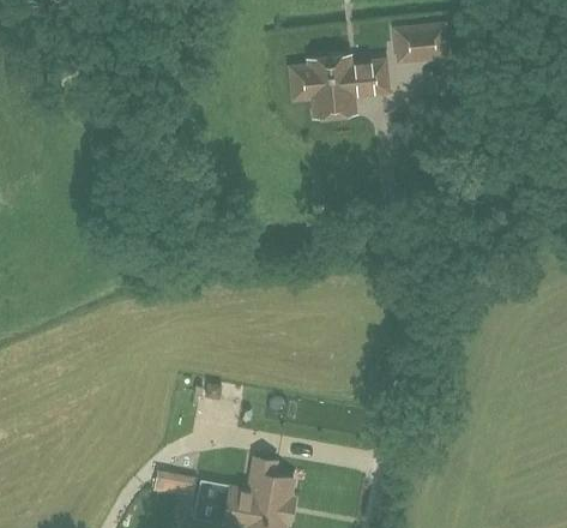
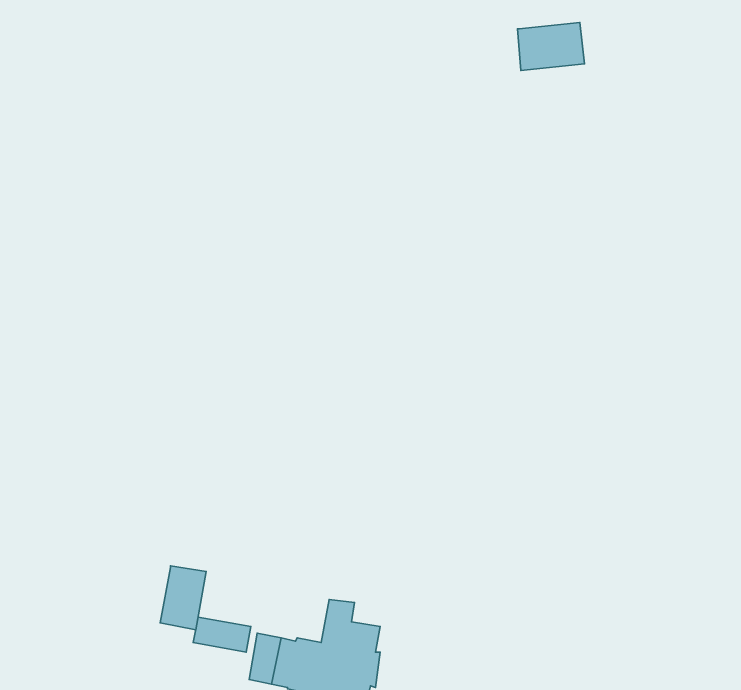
building: [290,55,387,116] -> none
building: none -> [160,566,206,630]

